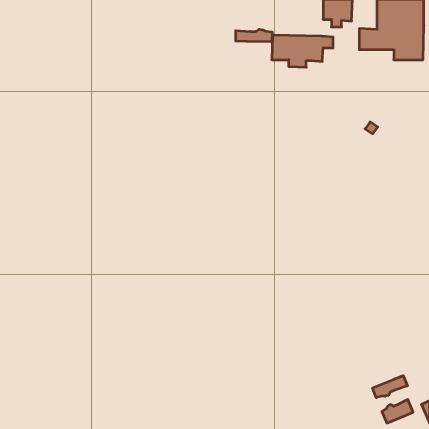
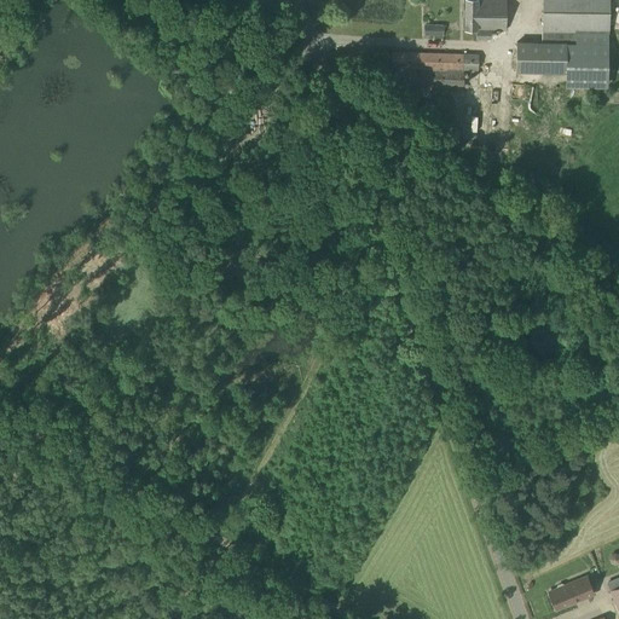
building: [236,29,272,42] -> none
building: [373,376,407,398] -> none

